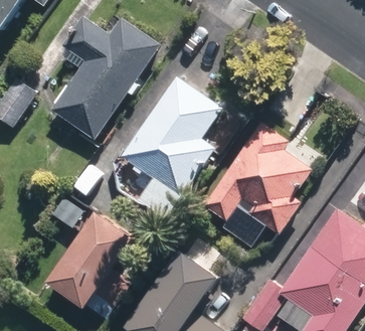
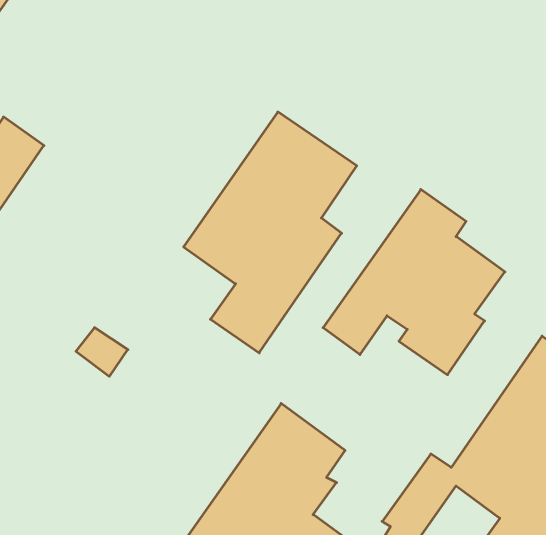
building: [51,14,161,140] -> none
building: [48,212,135,309] -> none

